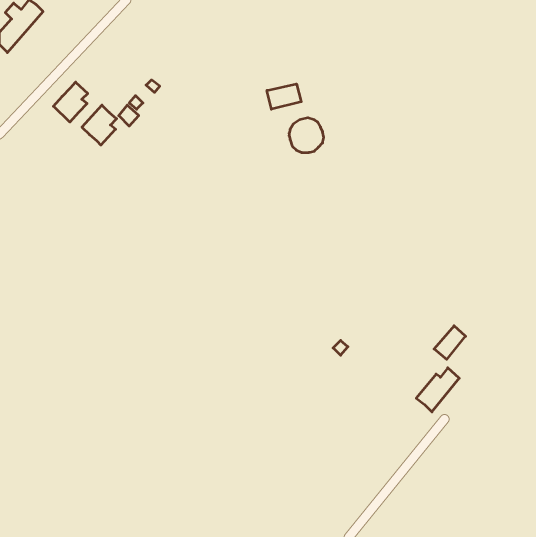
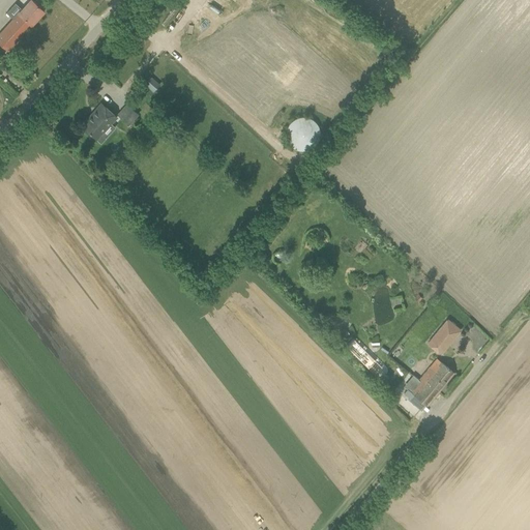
building: [53,82,88,122] -> none
building: [267,84,301,109] -> none

